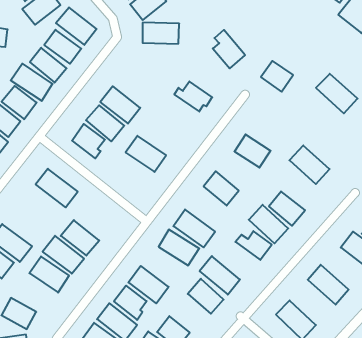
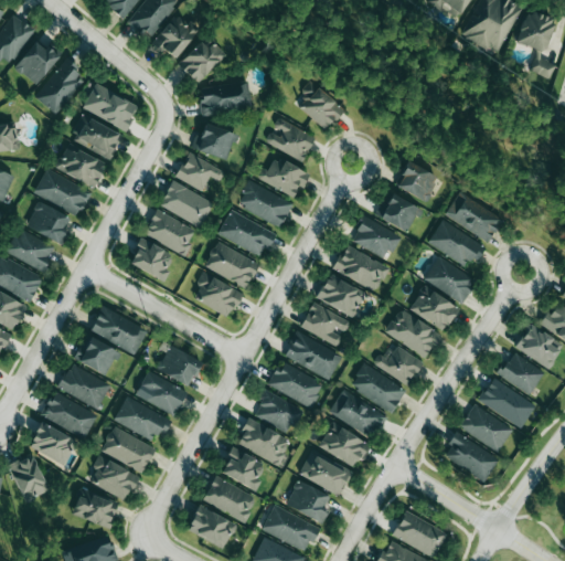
building: none -> [191,124,236,161]
building: none -> [266,118,316,162]
building: [261,61,293,92] -> [396,162,439,202]
building: none -> [175,152,224,192]
building: [316,74,358,113] -> [445,192,503,243]
building: none -> [237,182,292,226]
building: none -> [217,210,277,256]
building: none -> [377,193,420,233]
building: none -> [333,247,388,290]
building: none -> [194,274,242,316]
building: none -> [422,255,477,305]
building: none -> [75,337,118,375]
building: none -> [300,304,351,346]
building: none -> [157,347,201,387]
building: none -> [58,364,110,409]
building: none -> [350,364,406,413]
building: none -> [253,390,303,435]
building: none -> [498,352,544,395]
building: none -> [88,457,139,500]
building: none -> [459,404,513,453]
building: none -> [299,451,352,497]

